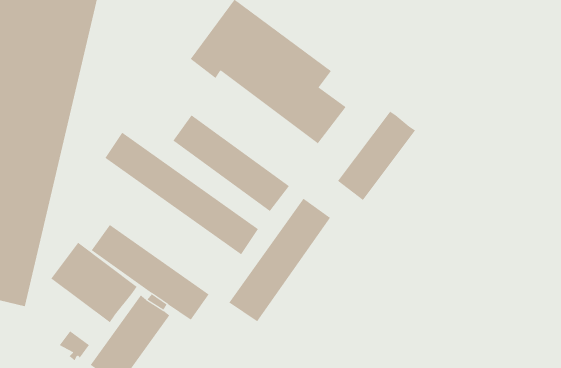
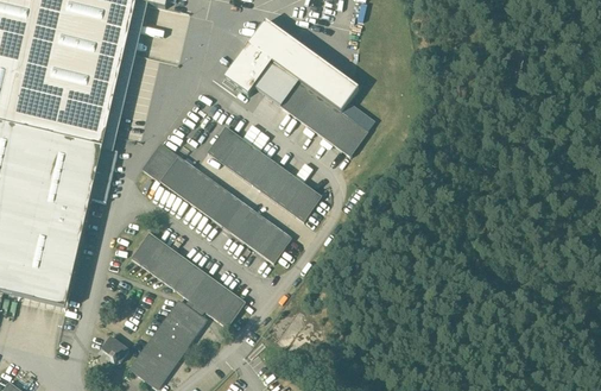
building: [337,111,416,201] -> none
building: [229,198,331,322] -> none
building: [50,242,138,323] -> none

